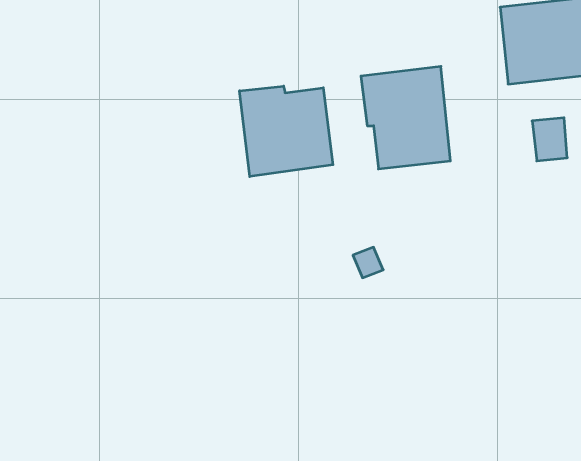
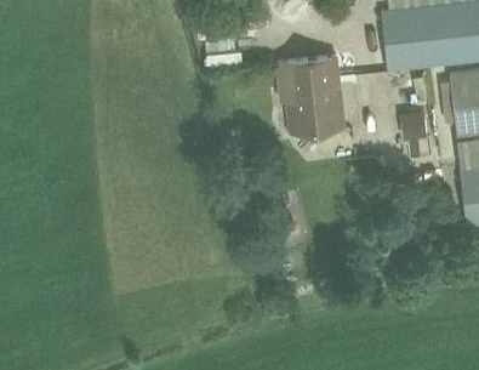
building: [240,86,333,177] -> none

